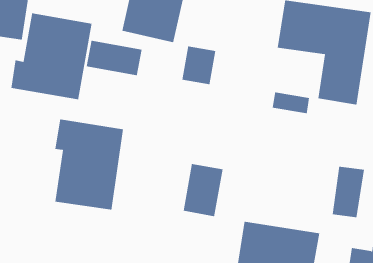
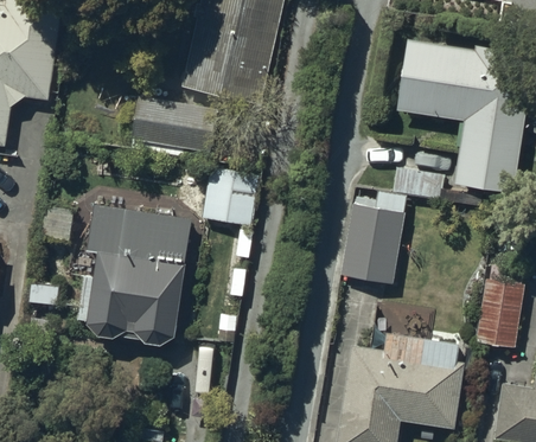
building: [11,12,92,100] -> none
building: [182,46,216,85] -> [204,172,253,226]
building: [183,163,223,217] -> [344,210,401,284]

